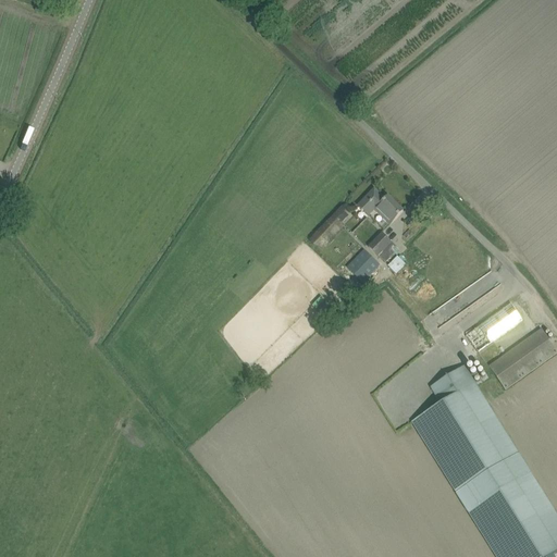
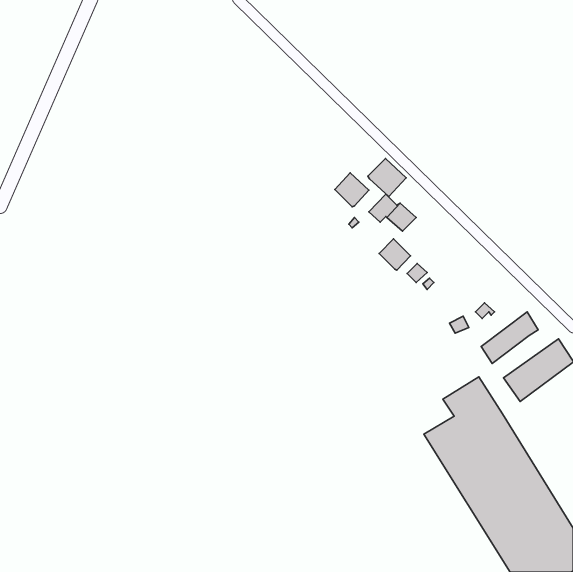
building: none -> [368,158,406,197]
building: none -> [335,173,369,207]
building: [348,250,380,282] -> none

